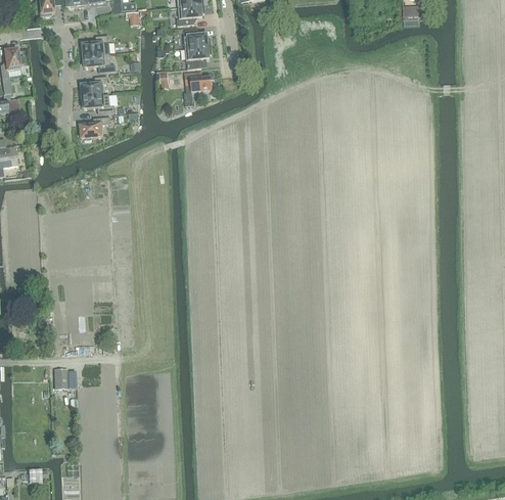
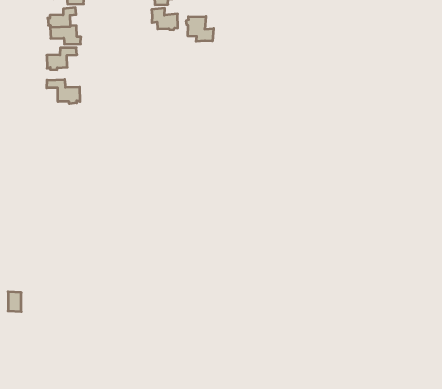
building: none -> [186,16,214,41]
building: none -> [47,79,80,104]

